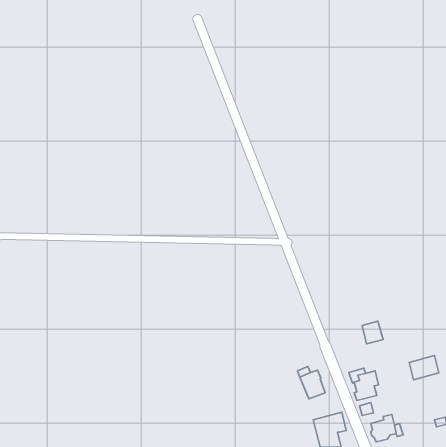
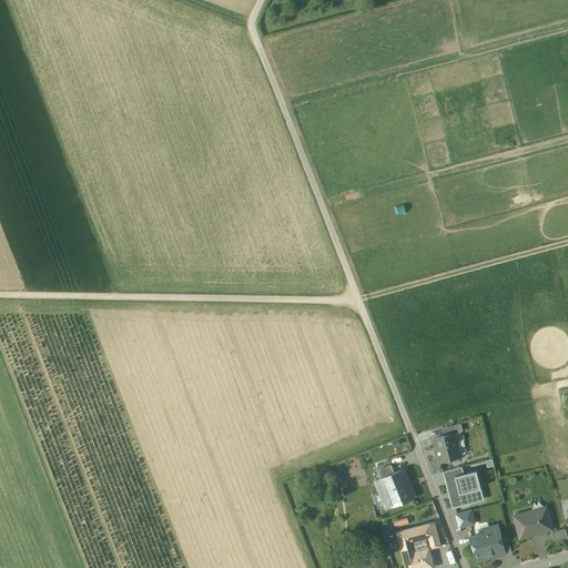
building: [362,321,383,344] -> [435,433,462,462]
building: [409,355,439,380] -> [515,507,552,538]

